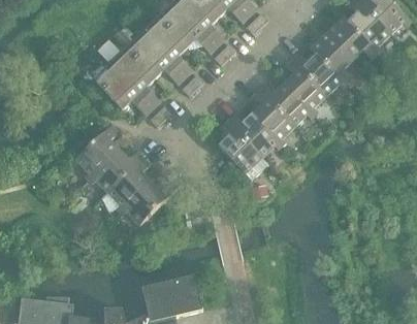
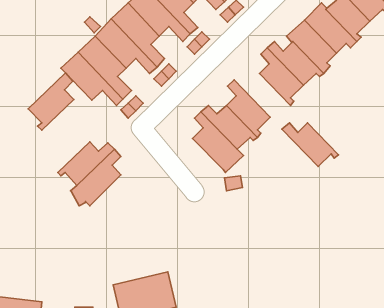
building: [258,83,313,125] -> [282,123,339,167]
building: [74,123,119,179] -> [28,73,74,130]
building: [119,181,174,224] -> none

